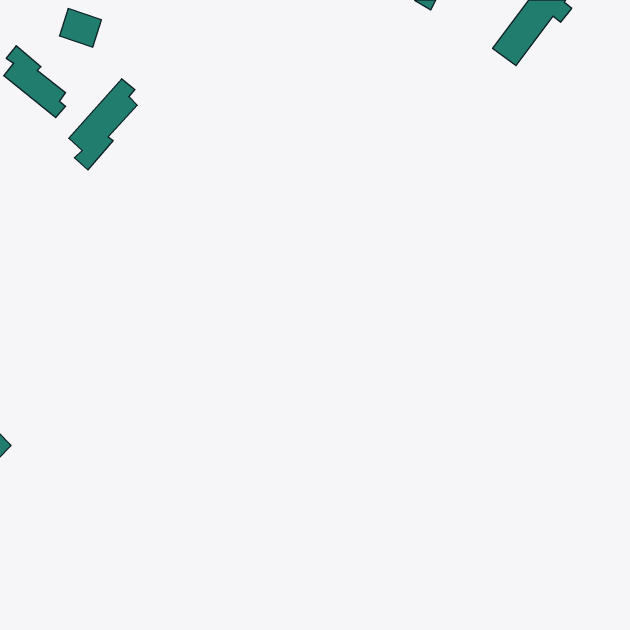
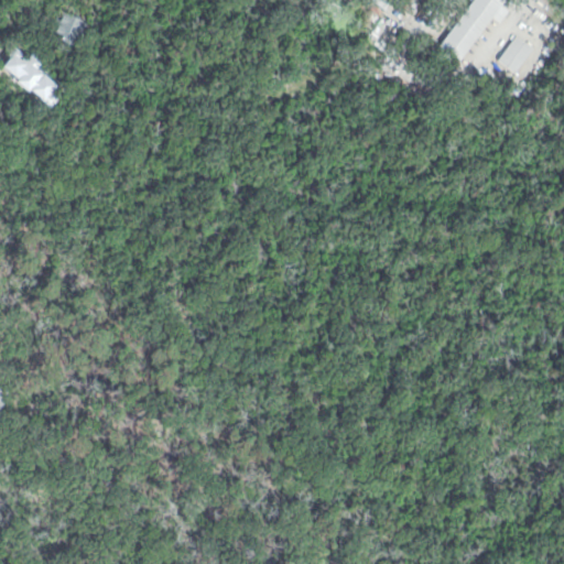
building: none -> [496,34,534,75]
building: [69,79,137,170] -> none

